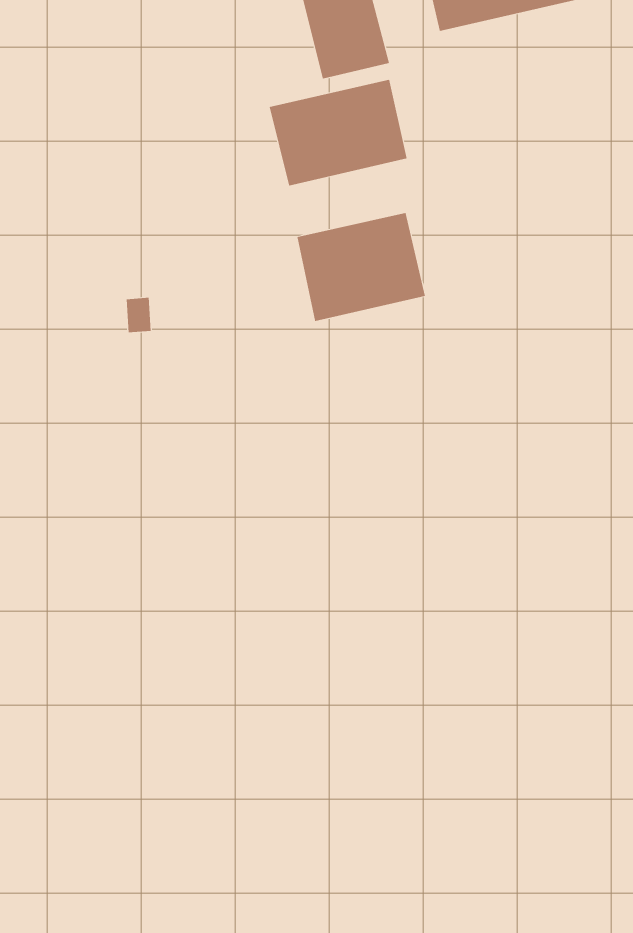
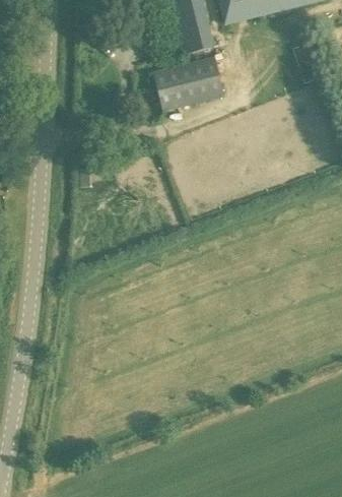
building: [297,212,425,322] -> none

